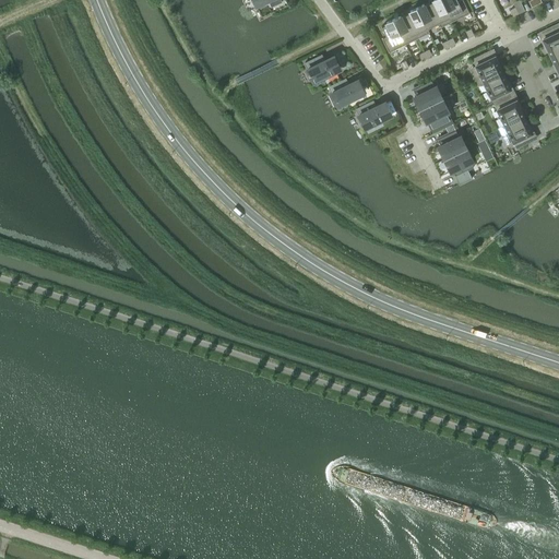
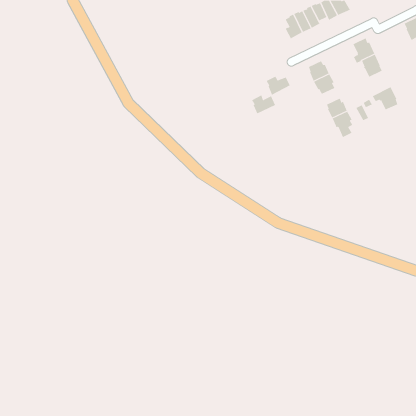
building: [306,57,338,82] -> none
building: [330,80,362,106] -> [251,95,276,114]
building: [495,96,524,130] -> none

